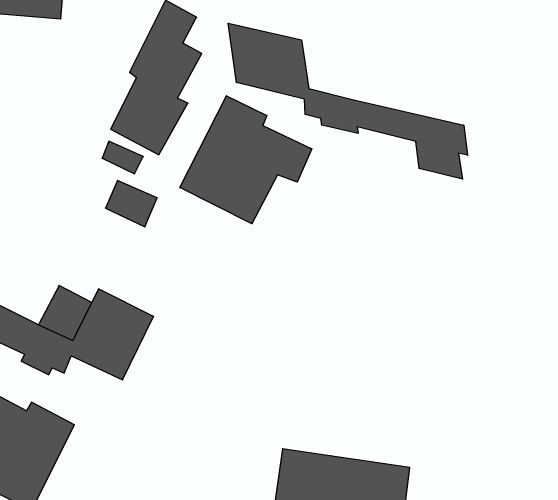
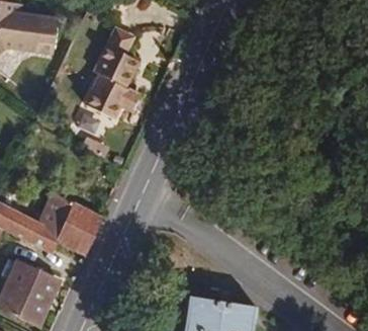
building: [228,23,468,179] -> none
building: [180,96,312,224] -> none

